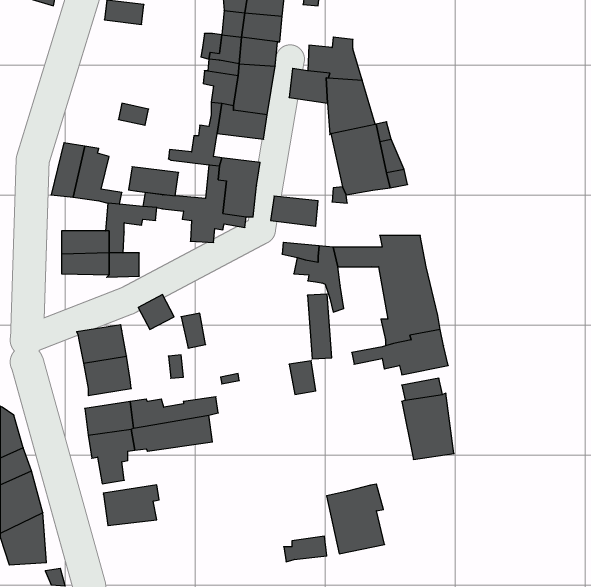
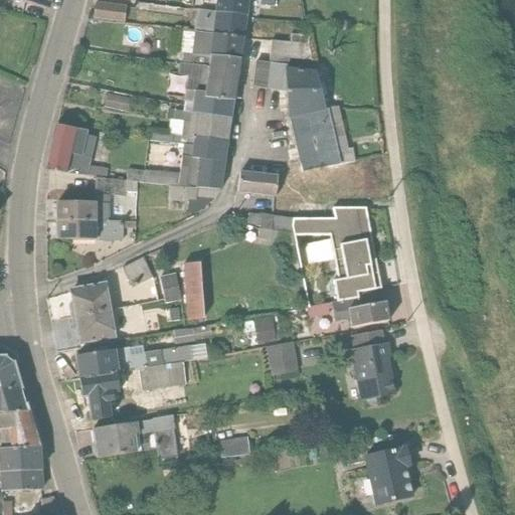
building: [129,167,179,196] -> [187,116,230,141]
building: [307,294,332,359] -> [182,262,203,318]
building: none -> [267,341,298,374]
building: none -> [135,411,187,458]
building: [327,484,385,554] -> [363,442,413,502]
building: [284,536,327,562] -> [212,436,249,458]

